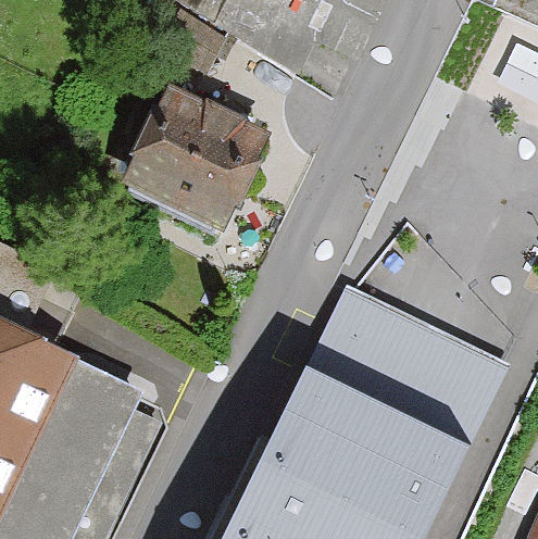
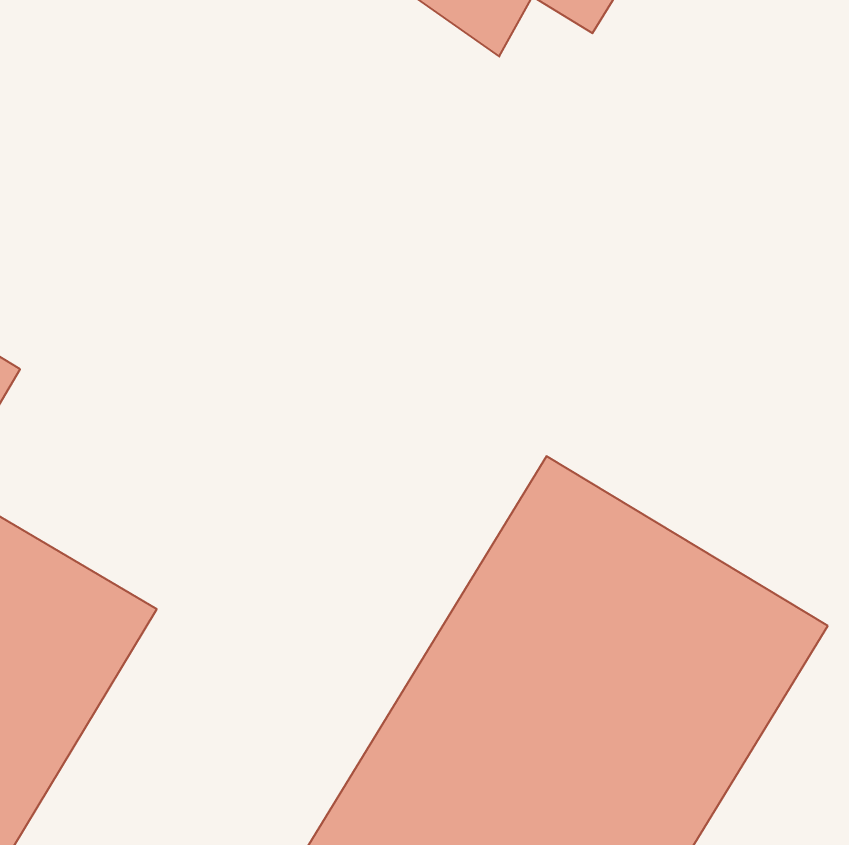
building: [125,85,270,229] -> none

